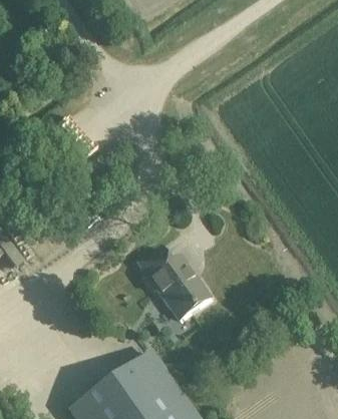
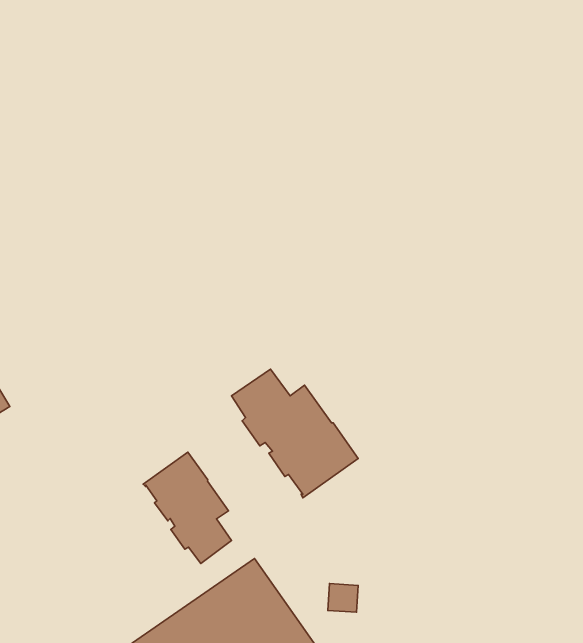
building: none -> [143,452,232,563]

